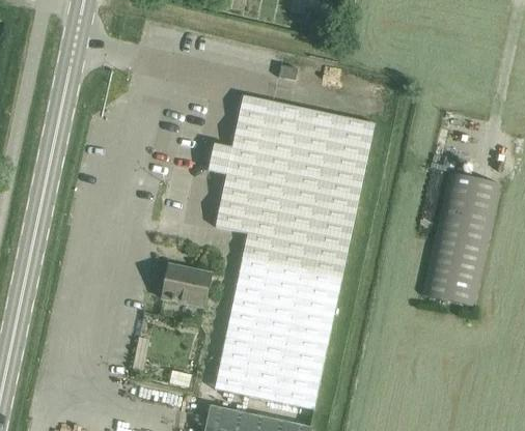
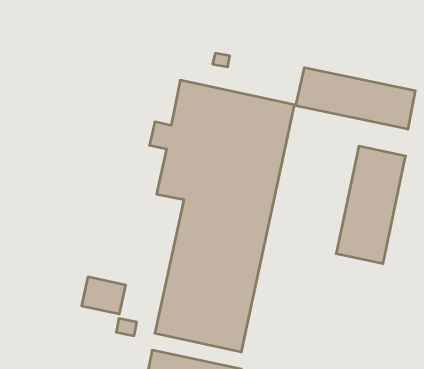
building: none -> [296,68,415,129]
building: [163,264,214,307] -> [82,277,126,314]

